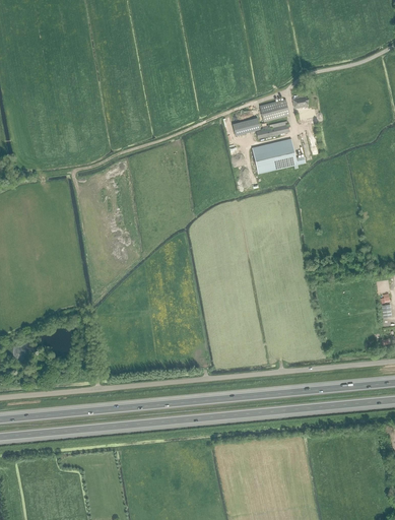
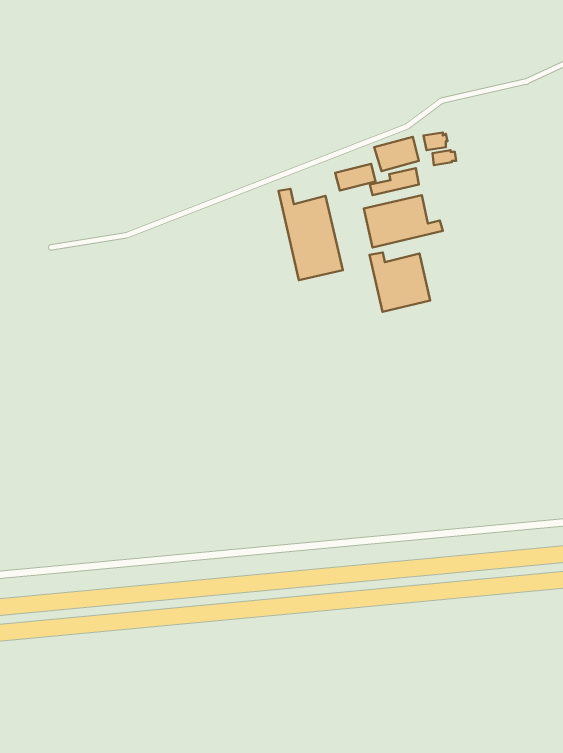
building: none -> [278,189,343,280]
building: none -> [370,252,430,312]

